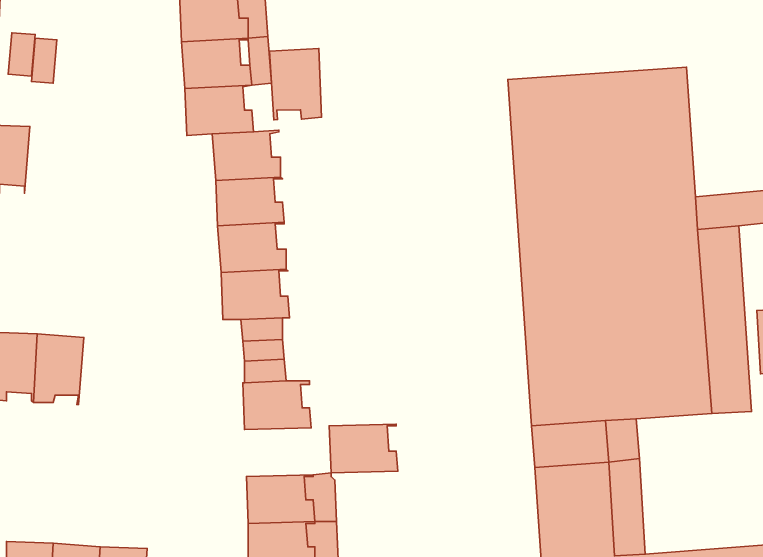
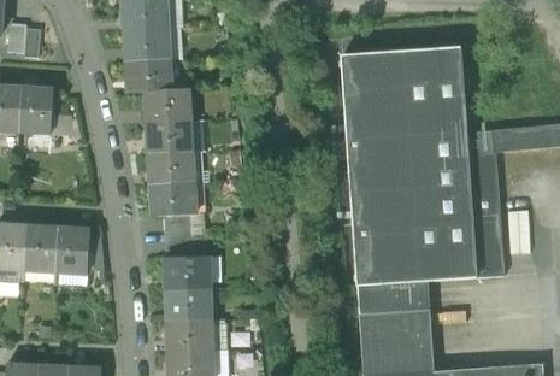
building: [270,48,321,120] -> none
building: none -> [18,87,53,134]
building: none -> [54,228,89,275]
building: [329,424,398,473] -> [165,288,211,321]

